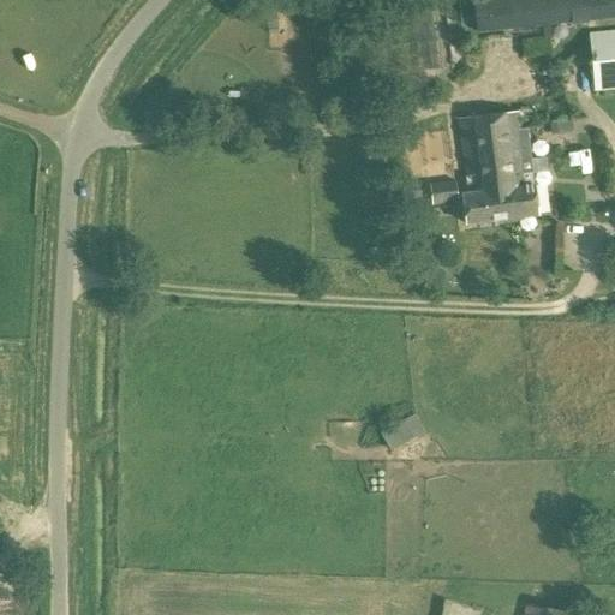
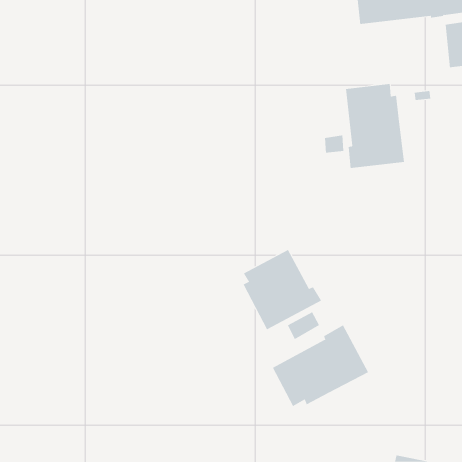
building: none -> [243,249,322,330]
building: none -> [272,324,369,407]

